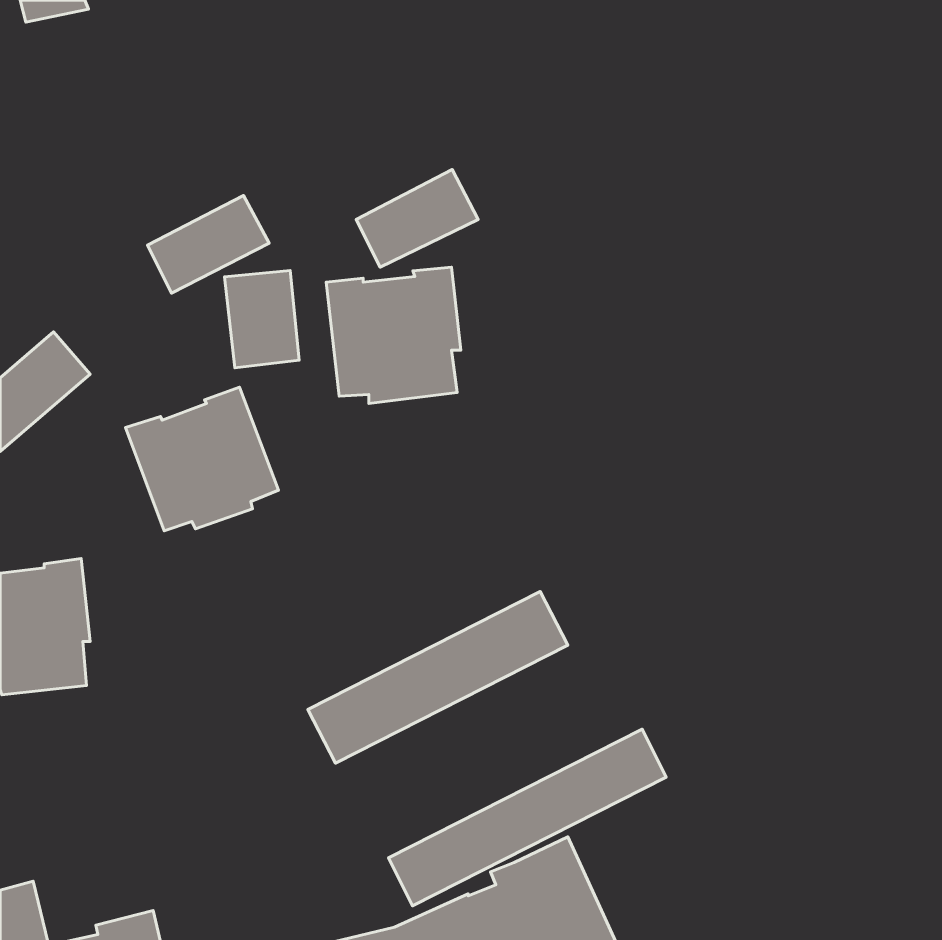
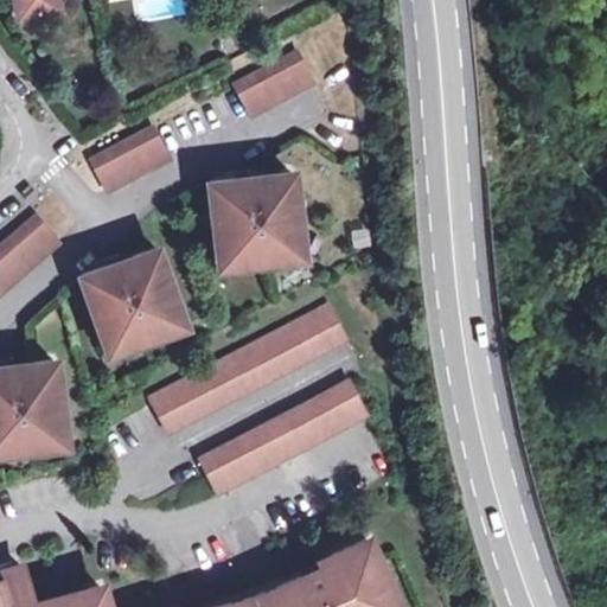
building: [356,170,478,267] -> [241,52,319,115]
building: [225,270,299,368] -> none
building: none -> [149,306,345,433]
building: [389,729,666,906] -> none

